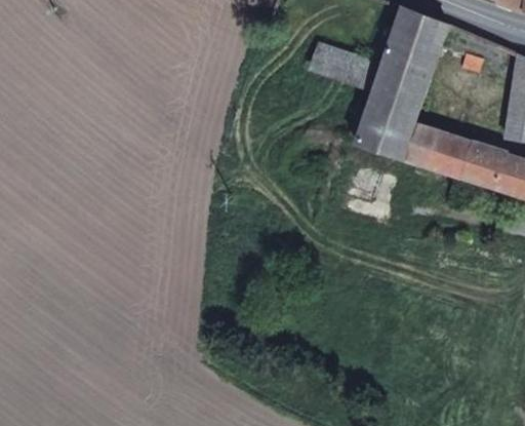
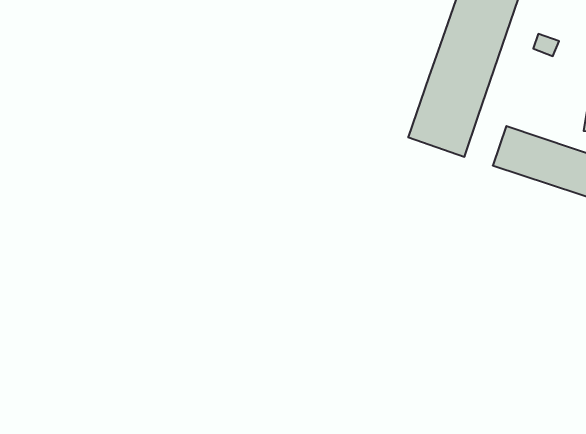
building: [312,42,382,90] -> none
building: [403,123,438,164] -> none

